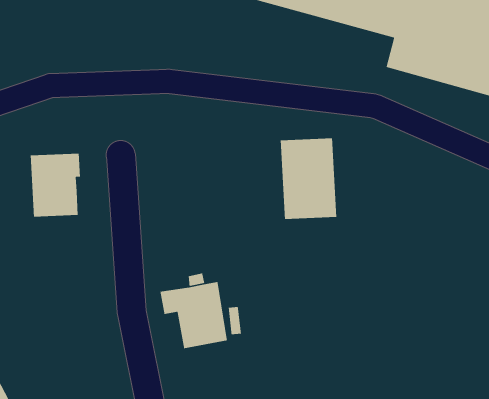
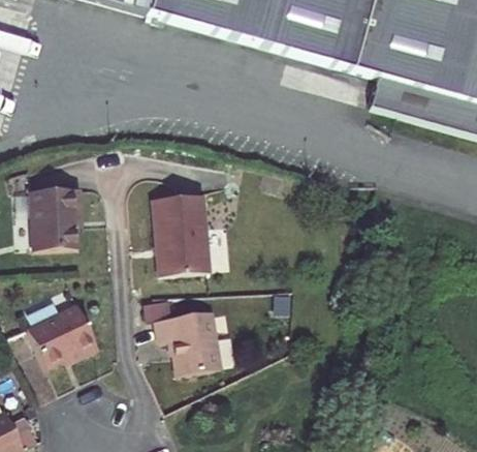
building: [280,138,337,220] -> [155,193,210,272]
building: none -> [25,301,96,363]

